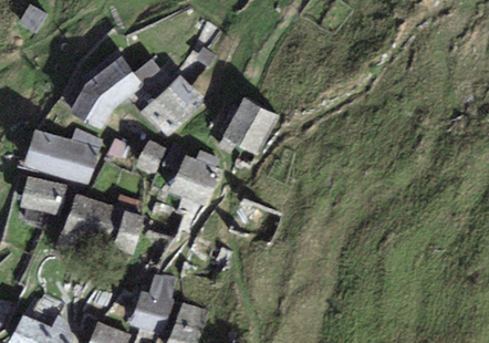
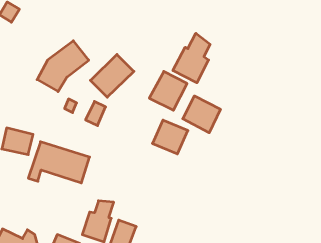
building: none -> [173,33,210,83]
building: [24,129,95,180] -> none
building: none -> [183,96,220,133]
building: [170,156,219,202] -> [152,120,188,154]

